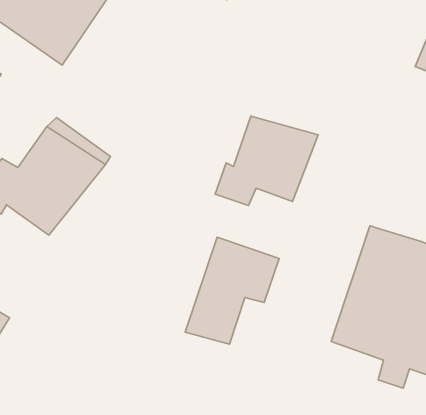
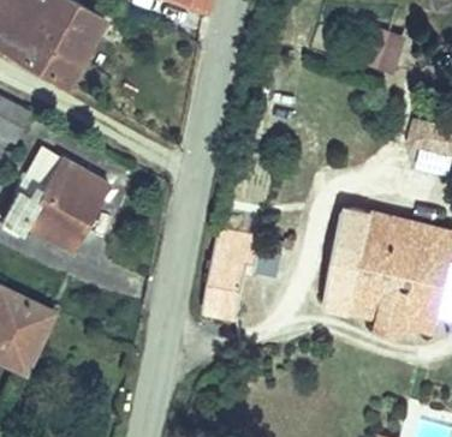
building: [215,116,318,205] -> none

